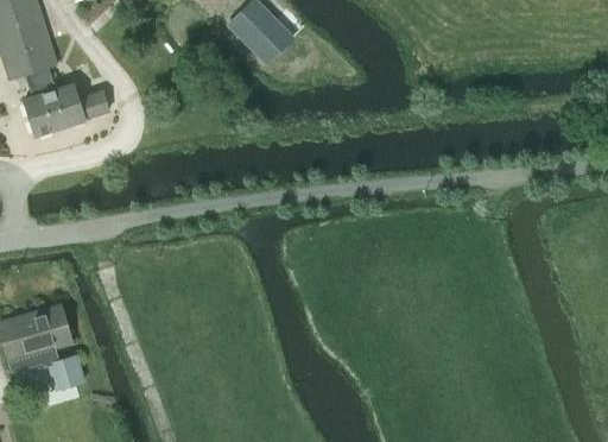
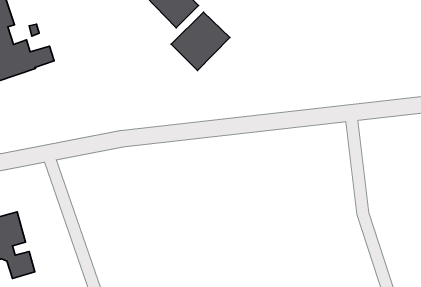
building: none -> [171,12,230,71]

